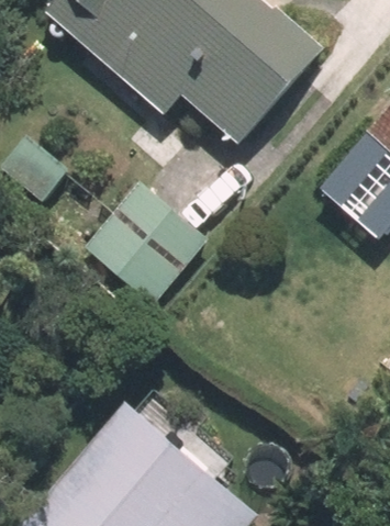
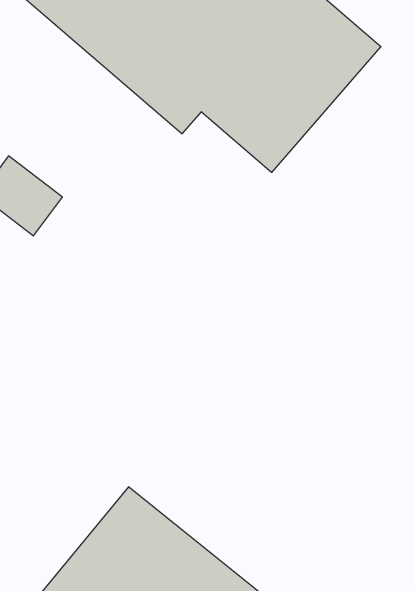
building: [82,180,212,309] -> none

